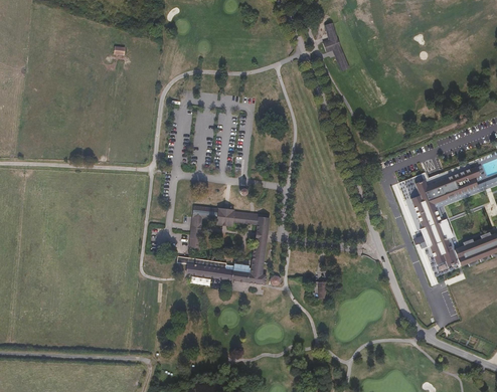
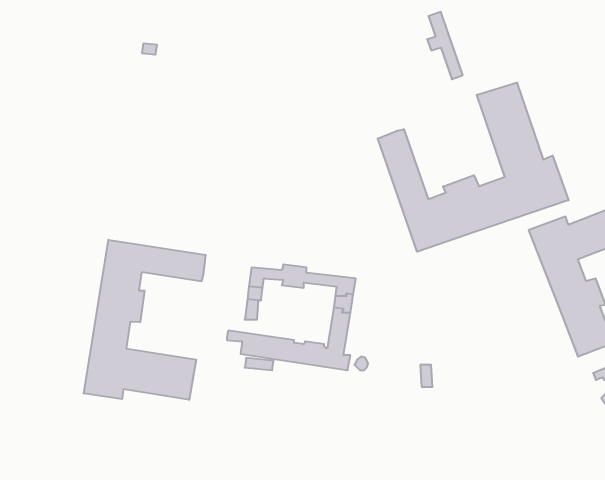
building: none -> [378,82,569,252]
building: none -> [84,240,205,400]

